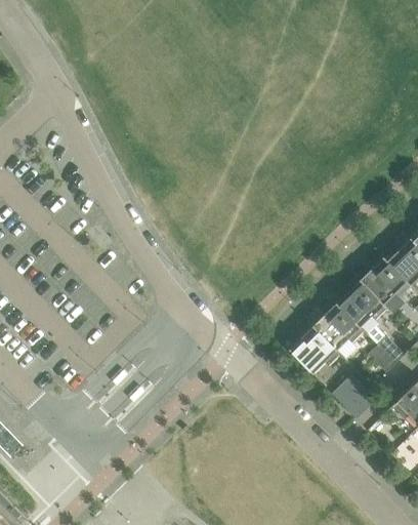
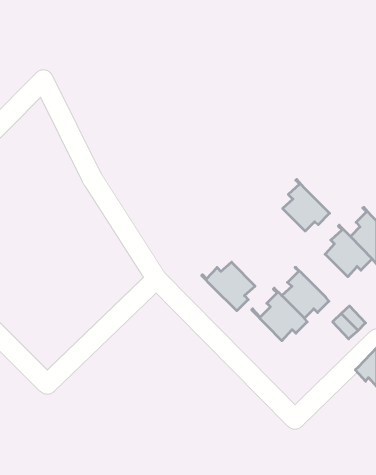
building: [337,272,388,328] -> [283,179,330,231]
building: none -> [202,262,255,311]
building: [332,375,376,419] -> none

